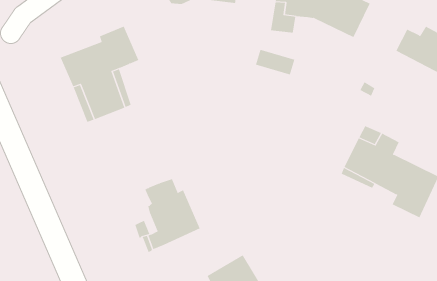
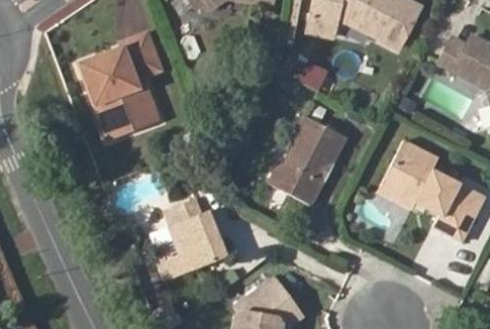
building: none -> [267,114,348,207]

